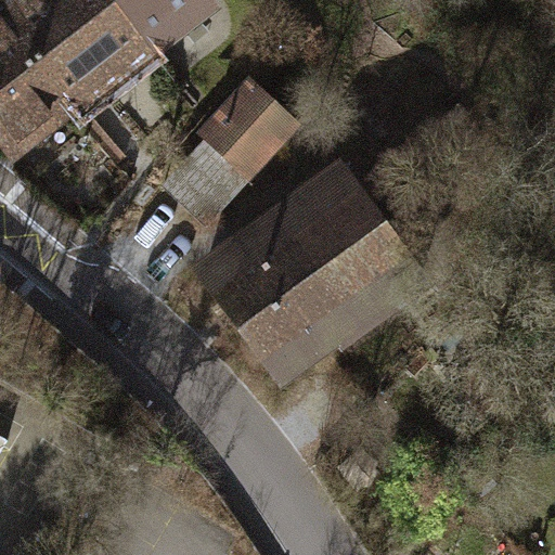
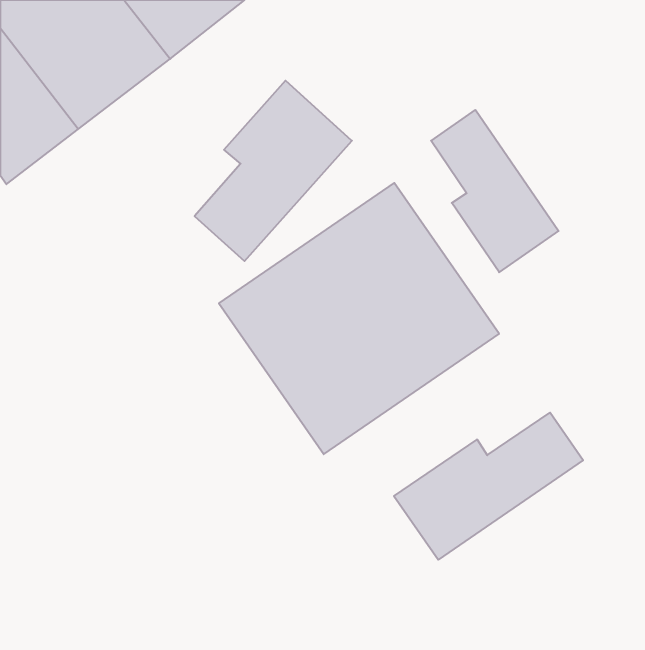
building: none -> [431,110,559,272]
building: none -> [394,413,583,560]

